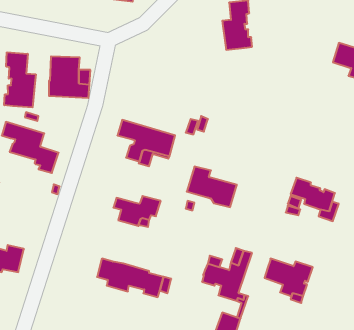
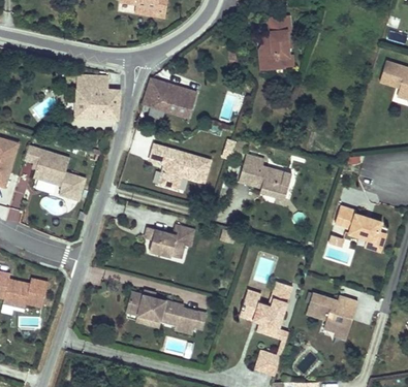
building: [4,52,36,107] -> none
building: none -> [144,82,196,116]
building: [187,167,237,207] -> [238,154,291,197]

